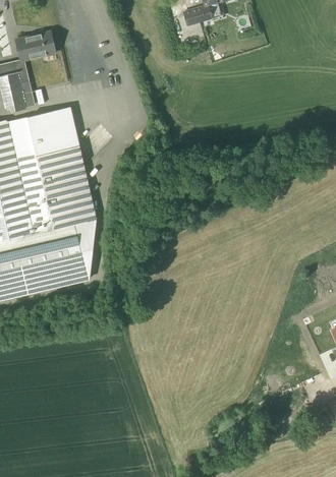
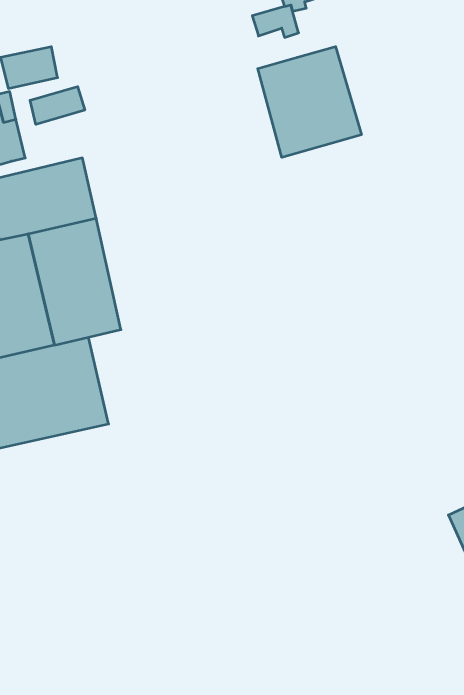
building: none -> [258,47,361,157]
building: none -> [30,87,85,124]
building: [75,218,97,280] -> none

